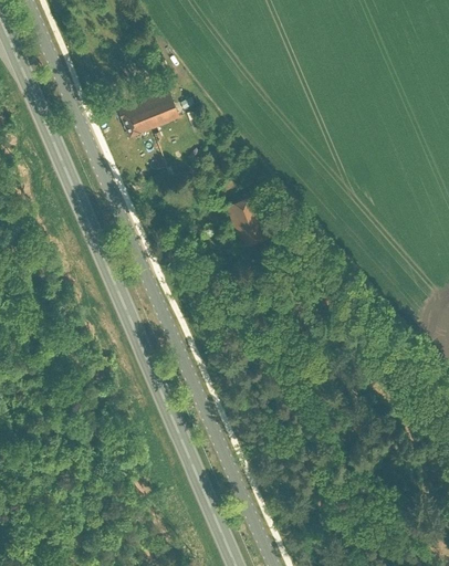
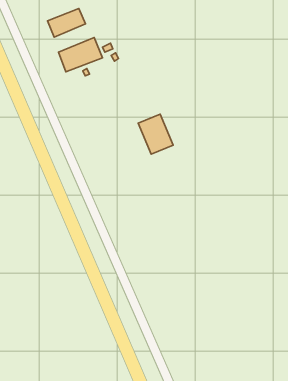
building: none -> [47,8,85,37]

